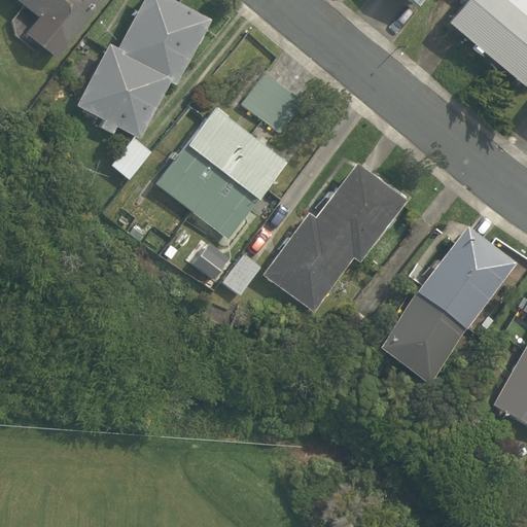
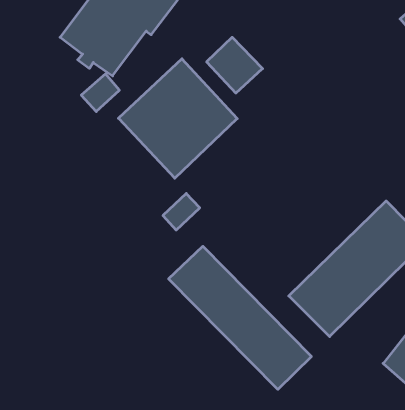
building: [265,162,409,311] -> none
building: none -> [169,246,311,389]

